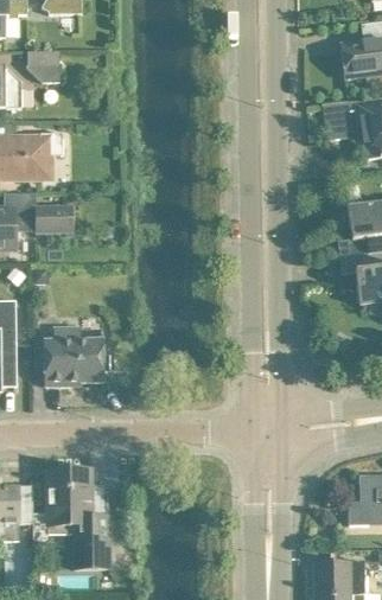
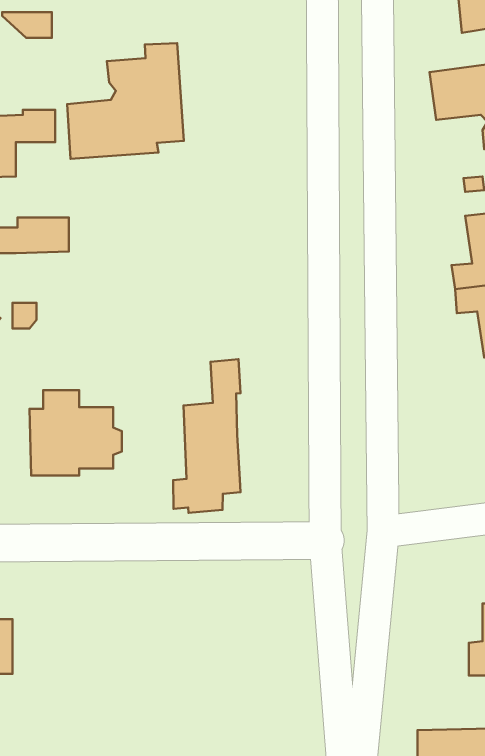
building: none -> [67,43,184,159]
building: none -> [173,359,241,513]
building: [47,467,110,568] -> none

